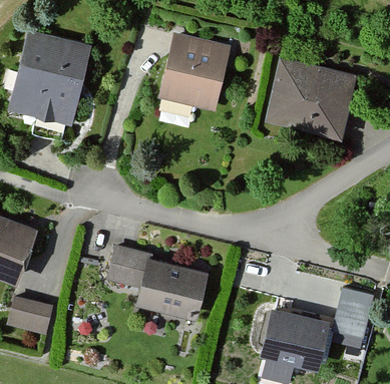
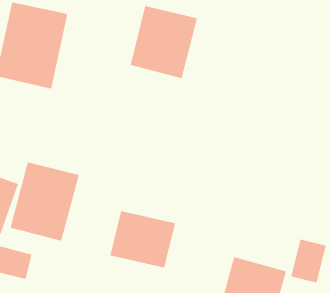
building: [264,60,355,141] -> none
building: none -> [10,161,79,241]
building: [107,248,144,286] -> none

